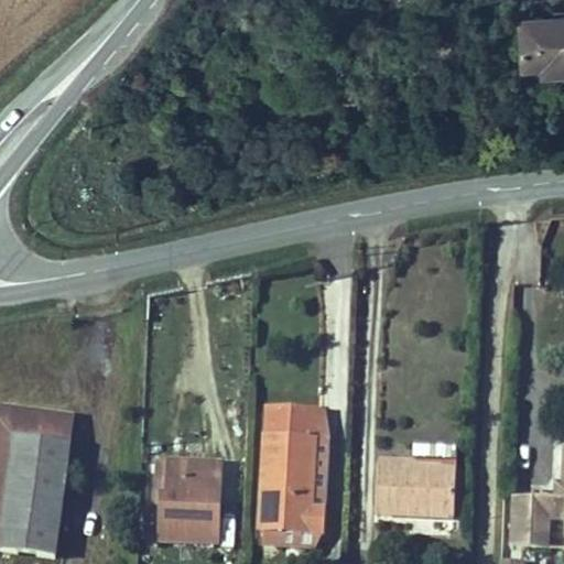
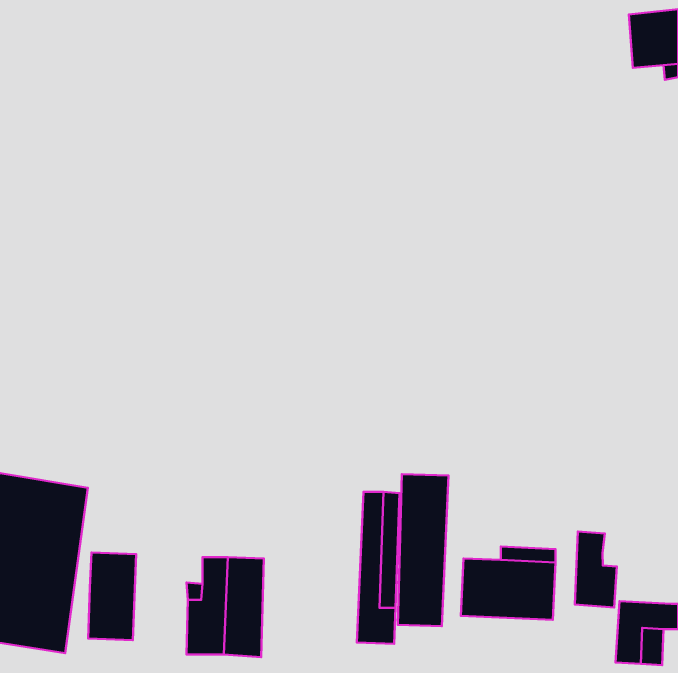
building: [259,412,301,538] -> [398,474,448,626]
building: none -> [575,531,617,607]
building: none -> [88,552,136,640]

